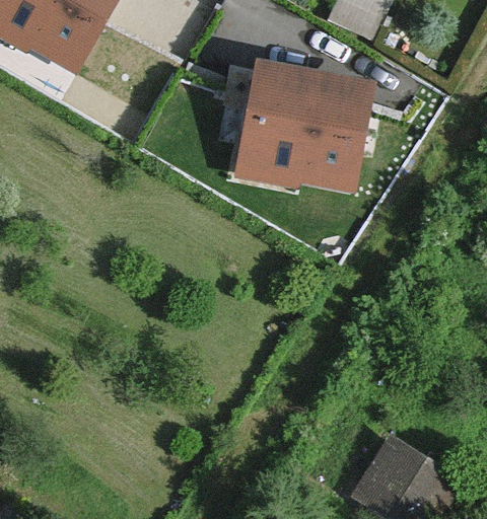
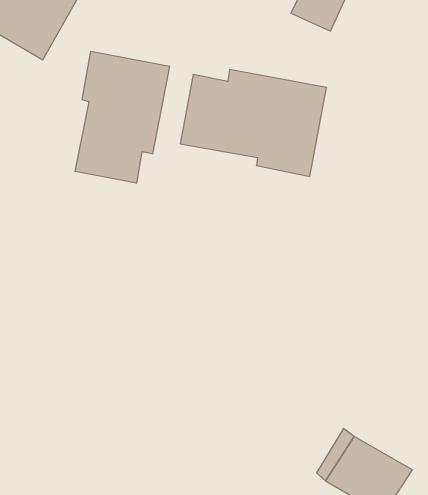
building: none -> [75,51,169,183]

